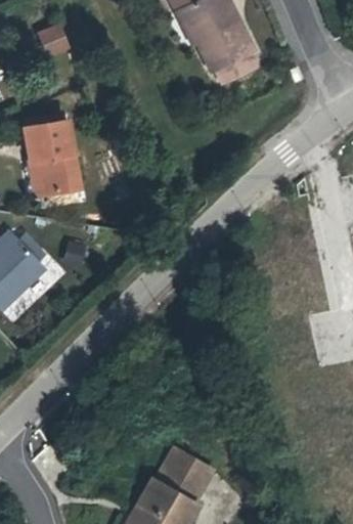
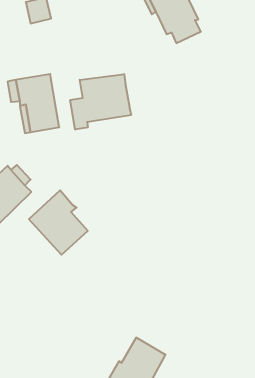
building: none -> [70,74,131,130]
building: none -> [29,190,88,255]

